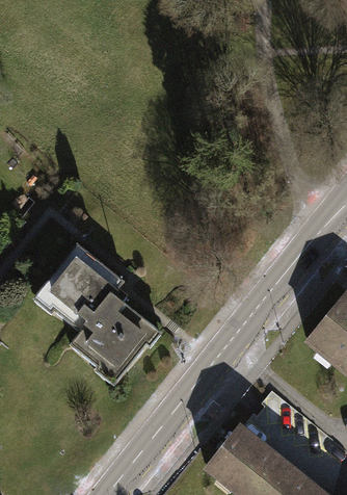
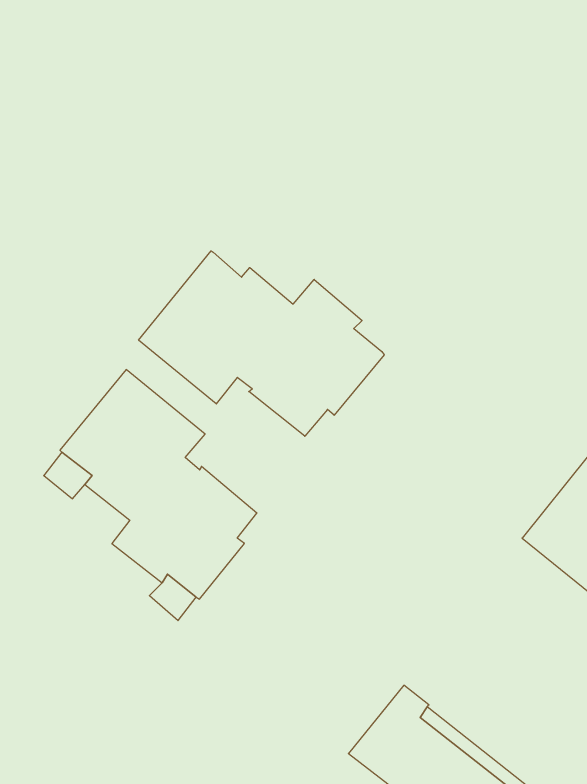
building: none -> [139,251,384,436]

